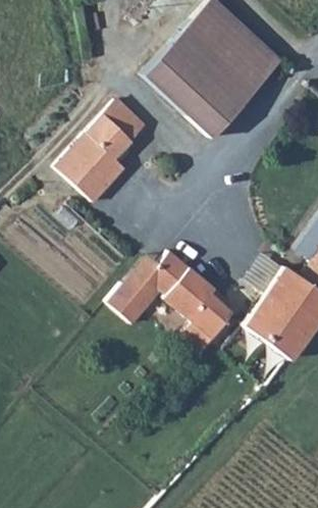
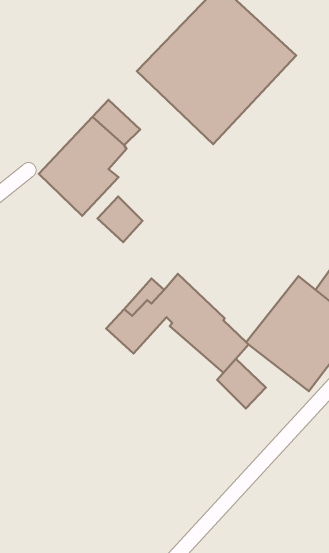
building: none -> [98,197,142,242]
building: none -> [217,359,266,409]

